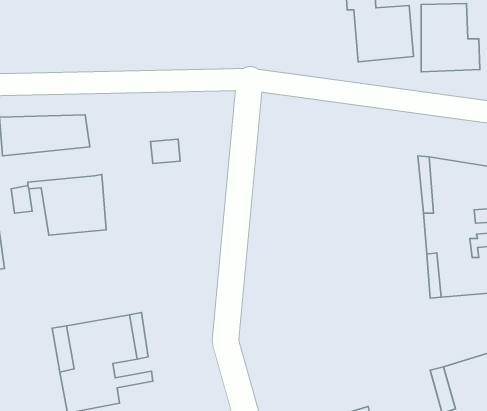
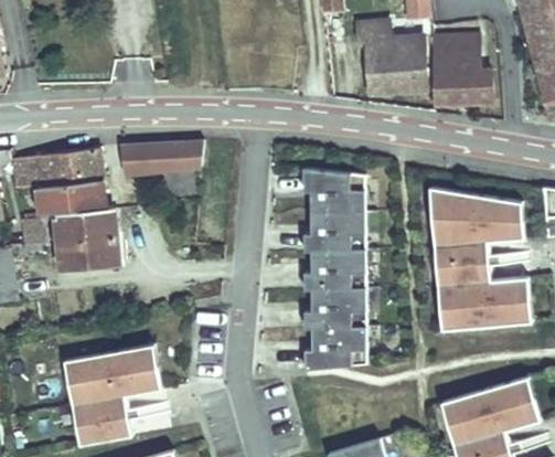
building: none -> [119,141,203,176]
building: none -> [302,168,366,370]
building: none -> [38,179,106,214]

